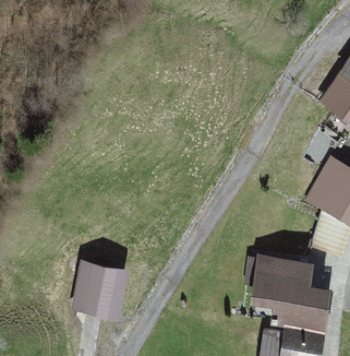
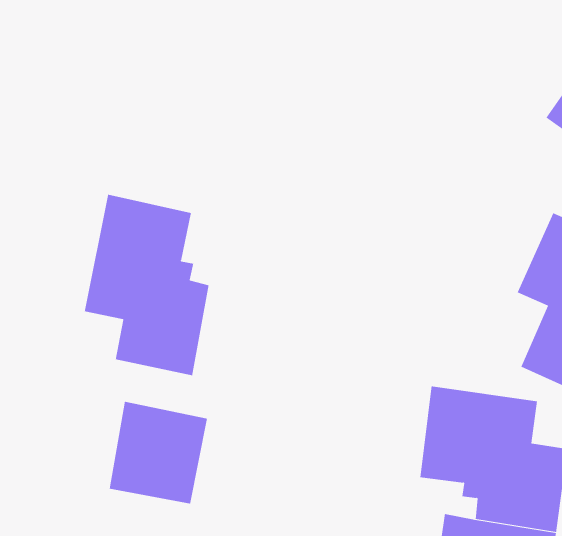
building: none -> [84,194,209,376]

